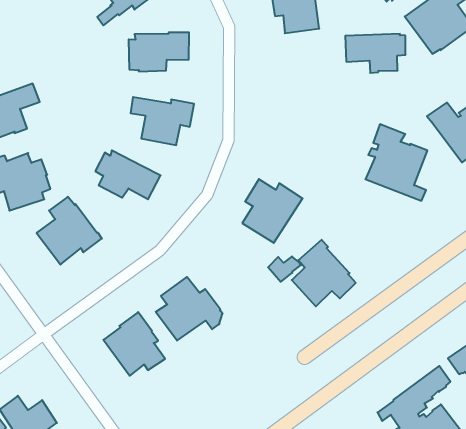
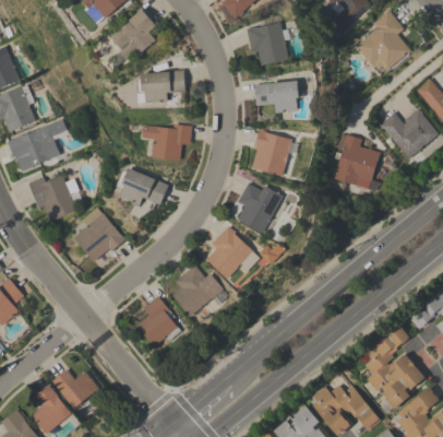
building: [345,34,406,73] -> [254,81,303,114]
building: none -> [252,129,298,176]
building: [292,240,356,306] -> [207,226,259,280]

